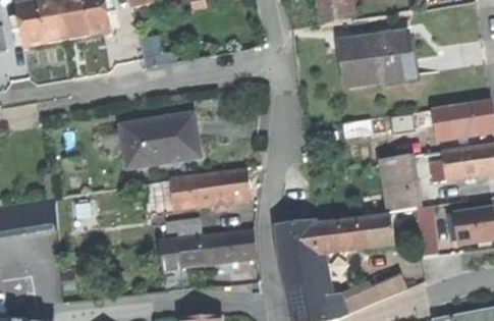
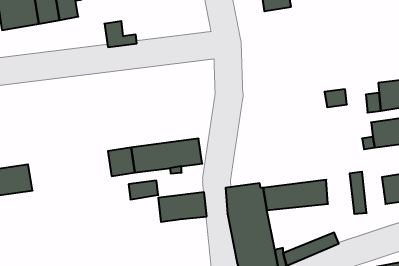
building: [339,33,414,85] -> none
building: [121,116,200,167] -> none
building: [382,155,418,212] -> none
building: [159,236,205,273] -> none

